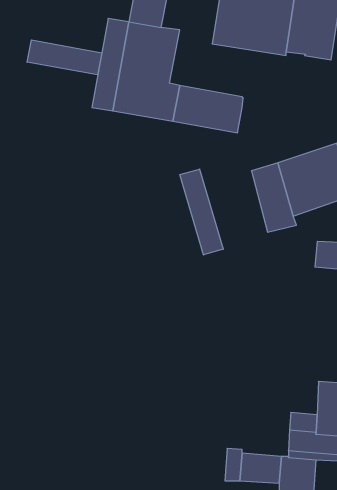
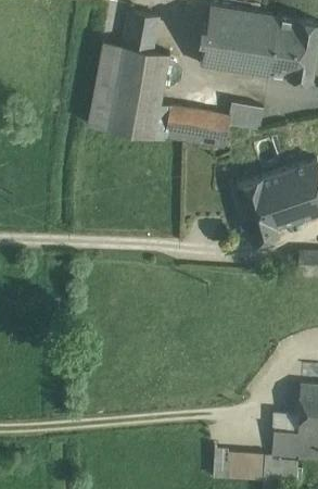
building: [27,40,102,75] -> none
building: none -> [228,102,263,130]
building: [180,169,223,255] -> none

